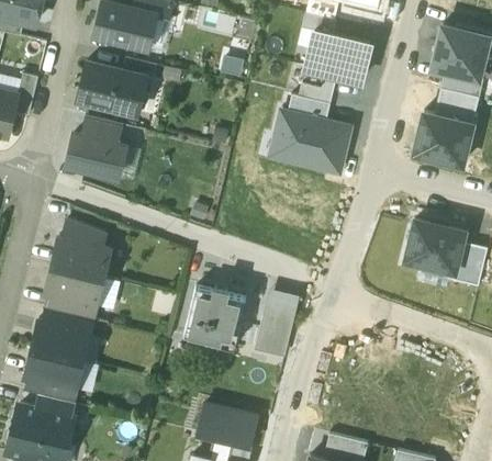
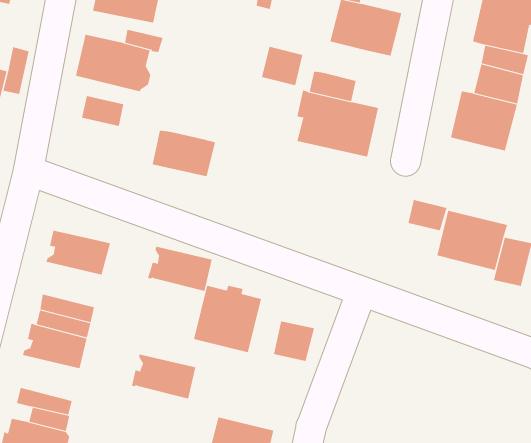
building: [299,69,336,104] -> [261,46,303,86]
building: [68,136,125,178] -> [152,130,216,177]
building: none -> [408,199,447,231]
building: [63,221,104,247] -> none
building: [44,266,102,306] -> [147,246,212,292]
building: [261,289,299,325] -> none
building: [24,349,82,390] -> [131,354,196,399]

